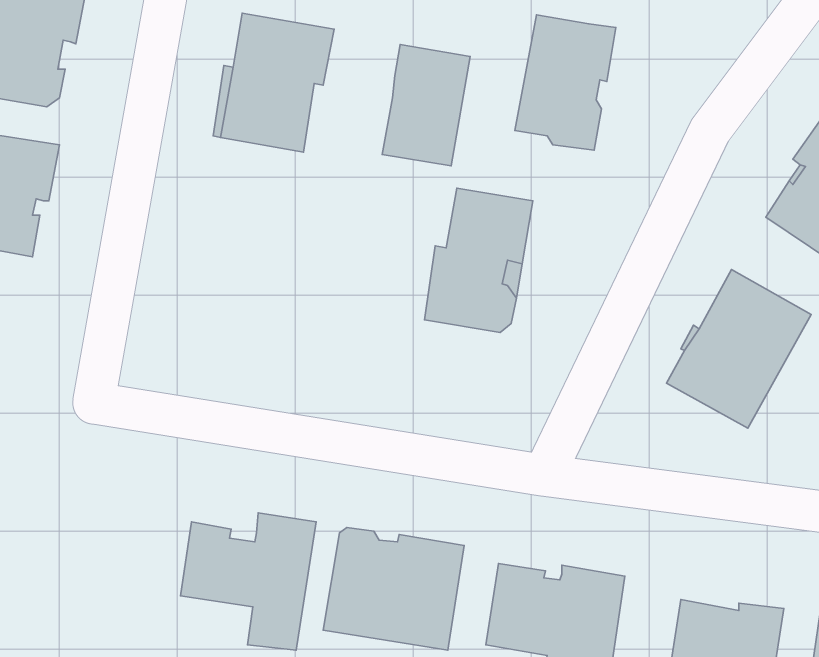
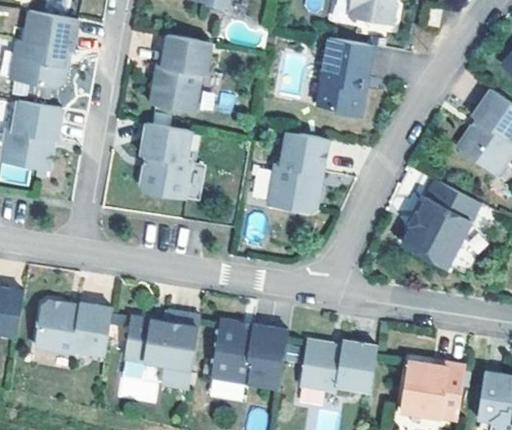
building: [382,44,470,166] -> none
building: none -> [138,124,203,201]
building: none -> [41,301,117,353]

